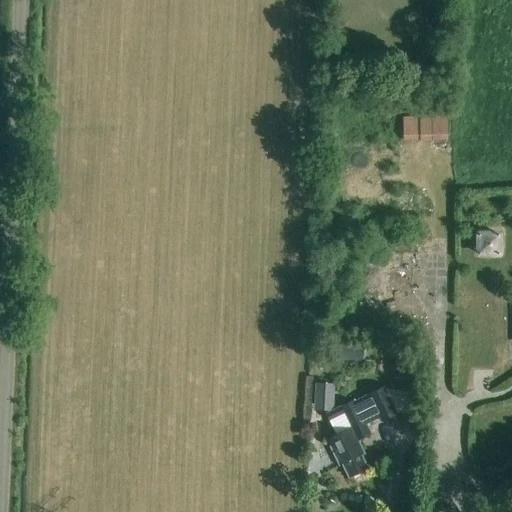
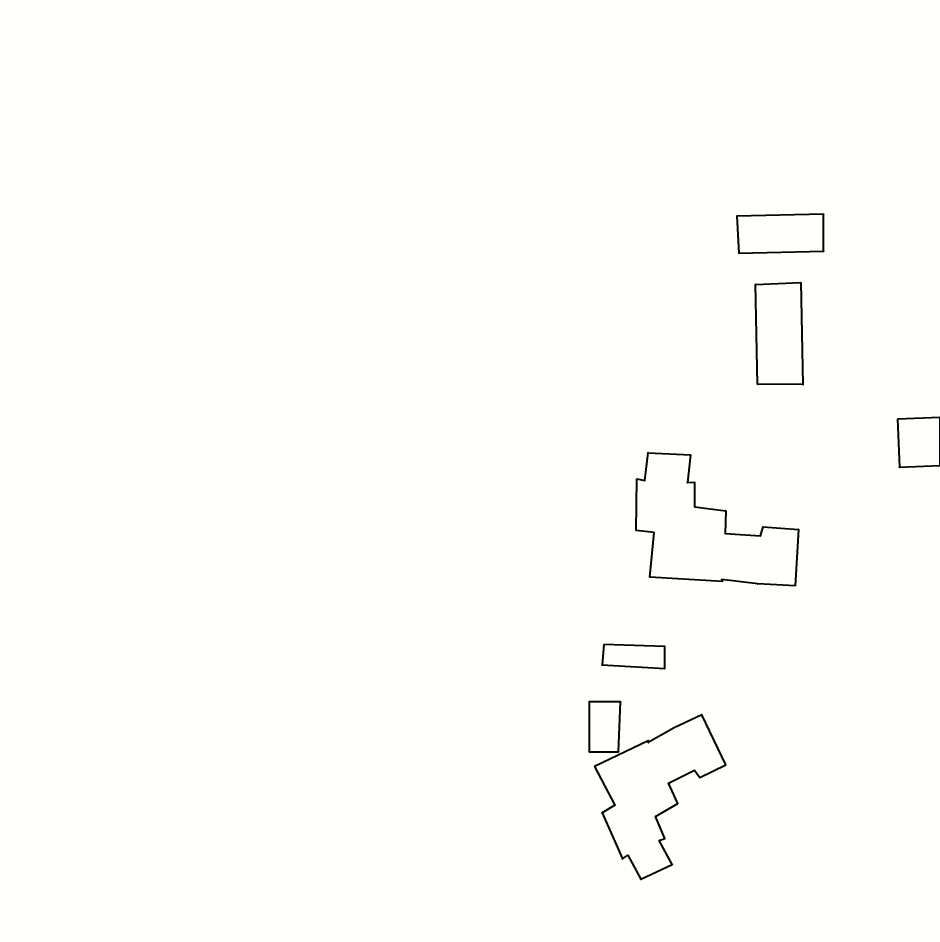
building: none -> [756,283,803,385]
building: none -> [636,453,798,586]

